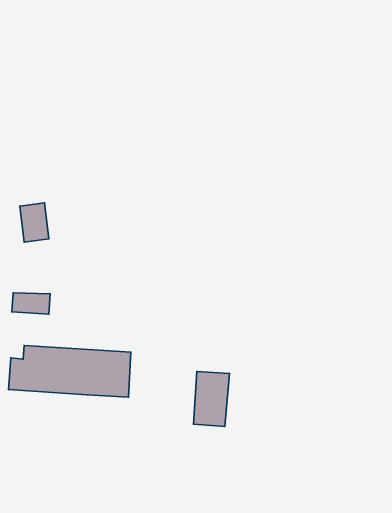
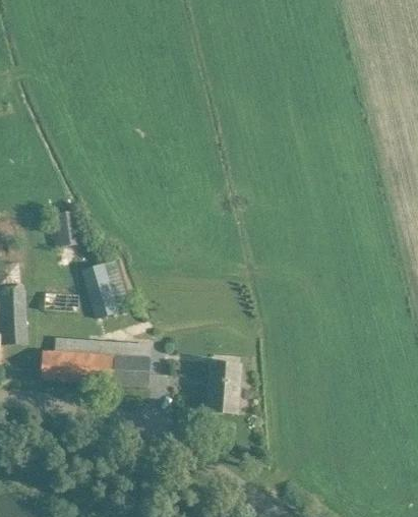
building: none -> [81,262,123,318]

